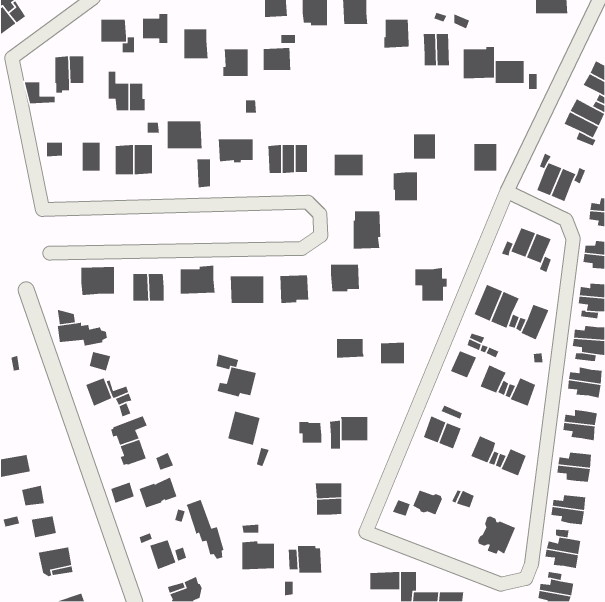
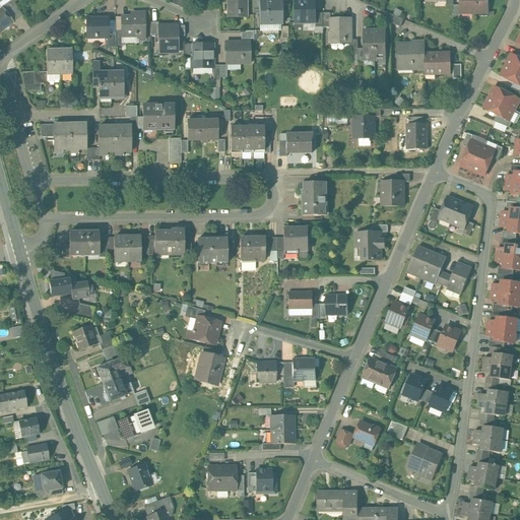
building: none -> [54,122,70,147]
building: [393,172,418,201] -> [382,179,403,204]
building: [185,499,224,560] -> none

